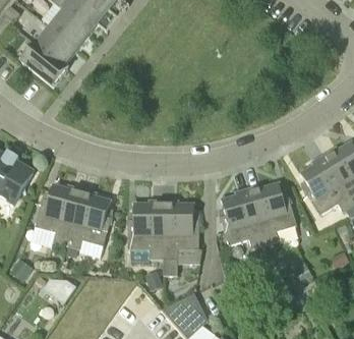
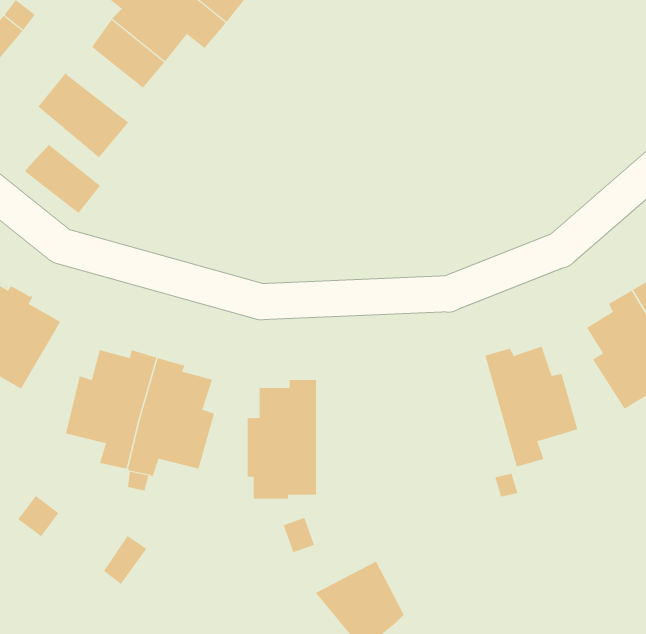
building: [36,29,74,64] -> [25,144,101,214]
building: [220,186,264,247] -> none
building: [163,199,201,274] -> none

